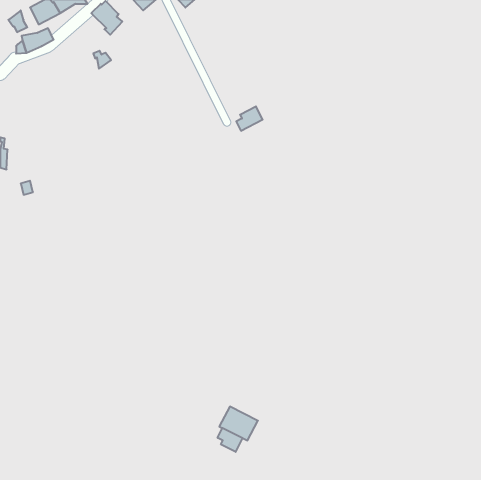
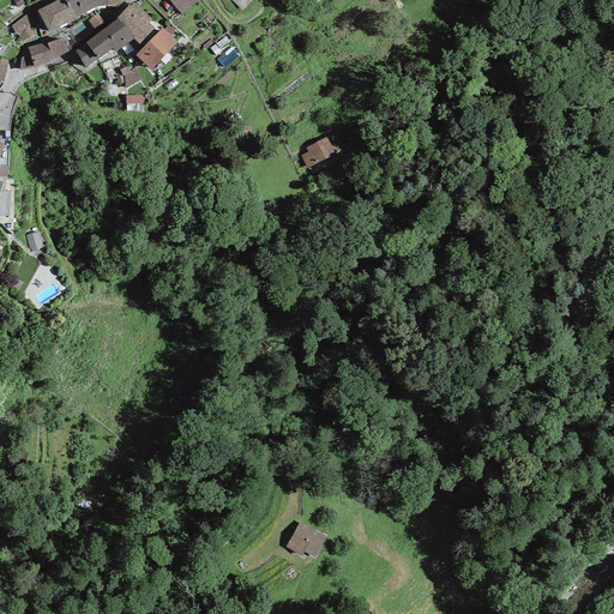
building: none -> [76,18,136,67]
building: none -> [136,26,177,68]
building: [218,428,242,452] -> none

